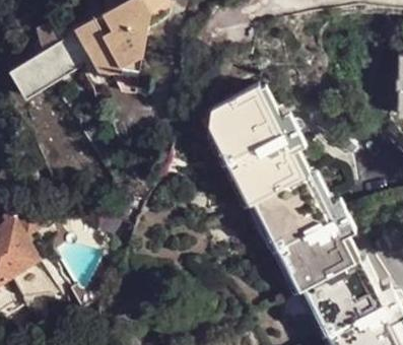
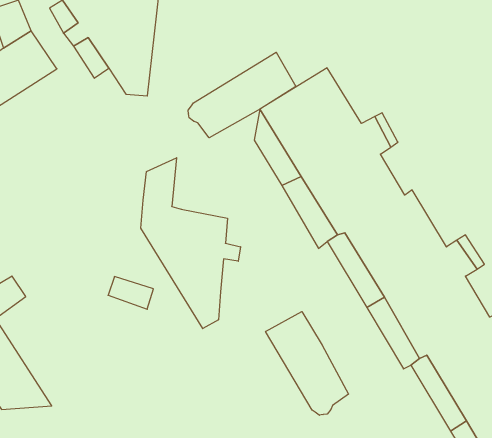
building: none -> [188,52,296,138]
building: none -> [141,158,241,329]
building: none -> [266,312,349,415]

